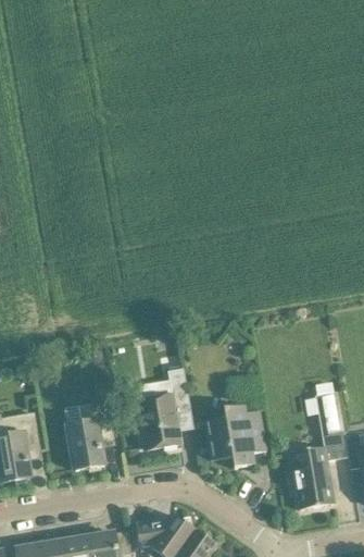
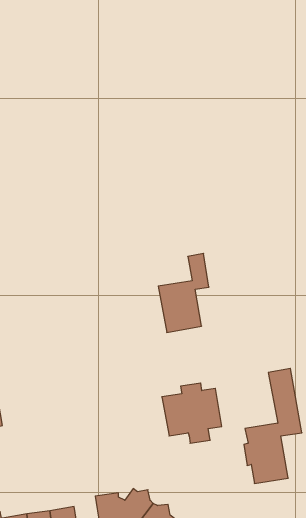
building: [136,368,188,449] -> [158,253,209,332]
building: [66,400,112,470] -> none

